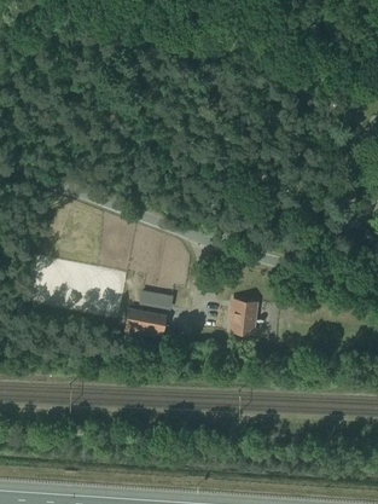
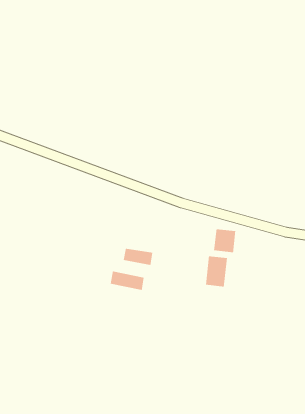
building: none -> [214,228,236,253]

